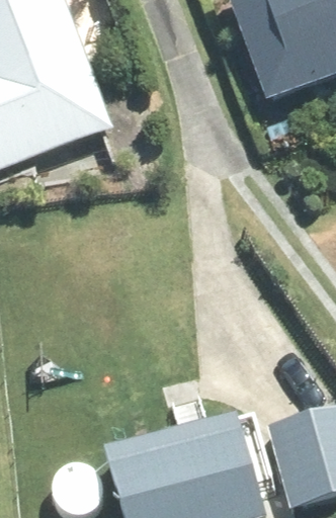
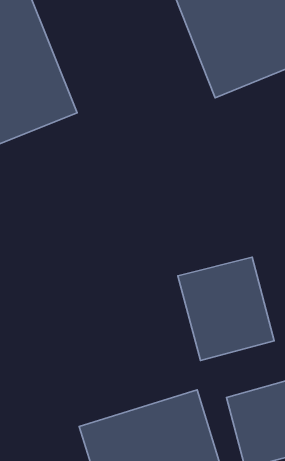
building: none -> [178,257,274,360]

